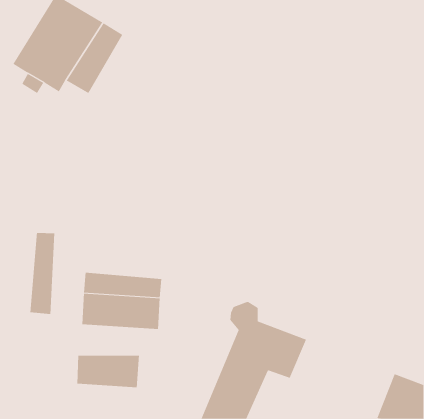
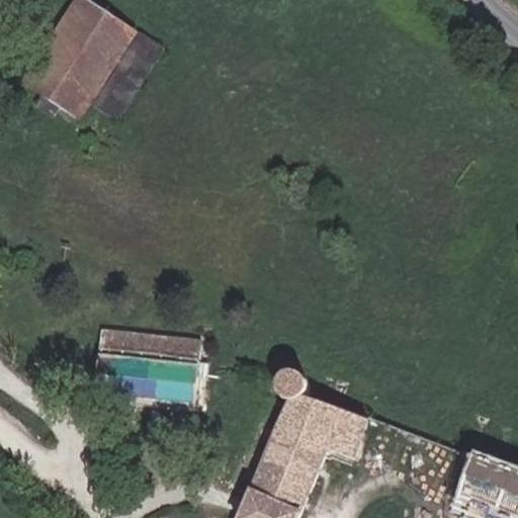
building: [30,232,55,315] -> none
building: [77,355,139,388] -> none

